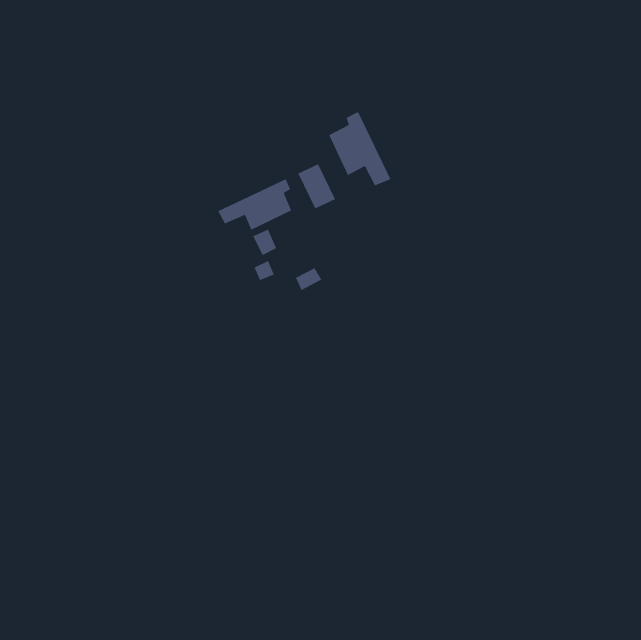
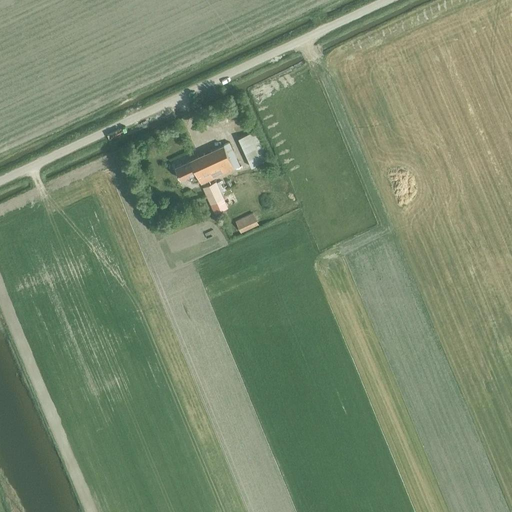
building: [328,111,392,187] -> none

